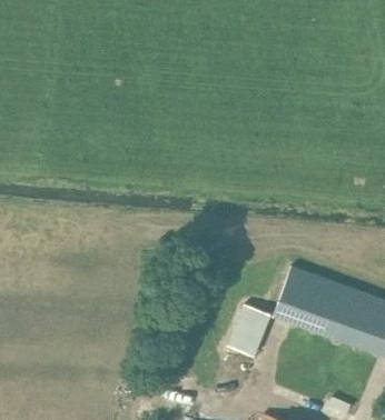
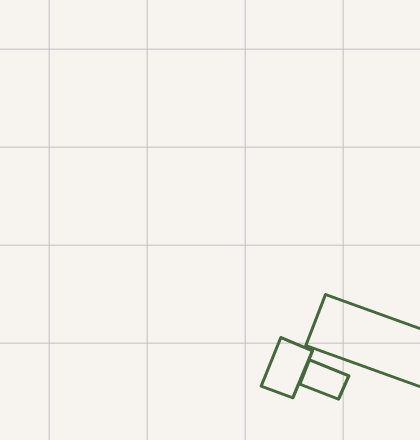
building: none -> [300,360,349,399]

